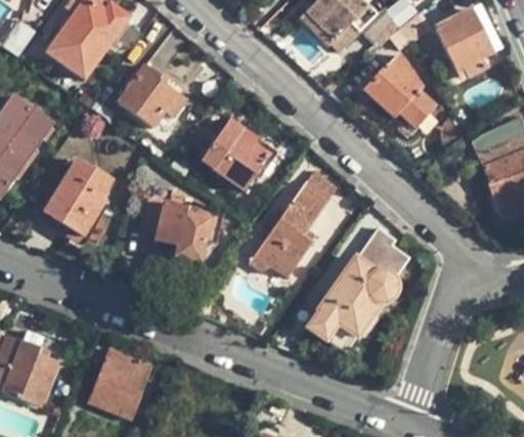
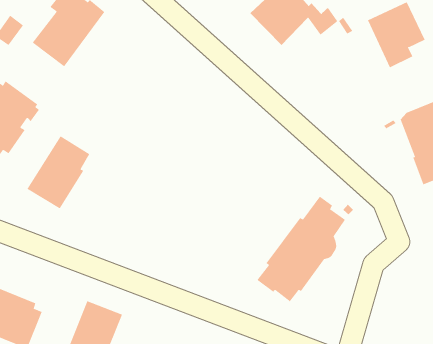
building: [358,52,434,133] -> none
building: [119,64,186,127] -> none
building: [171,118,270,192] -> none
building: [248,172,335,278] -> none
building: [140,184,225,263] -> none

